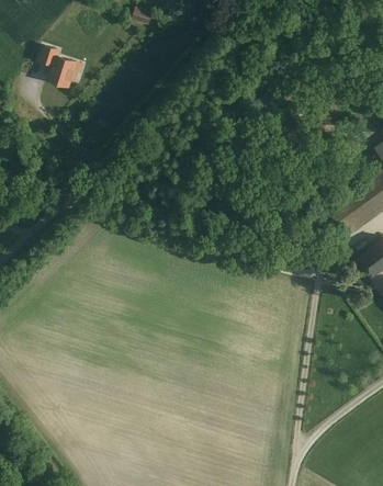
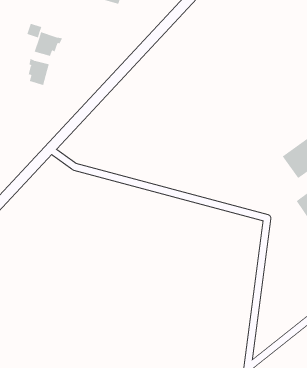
building: none -> [28,58,50,86]

